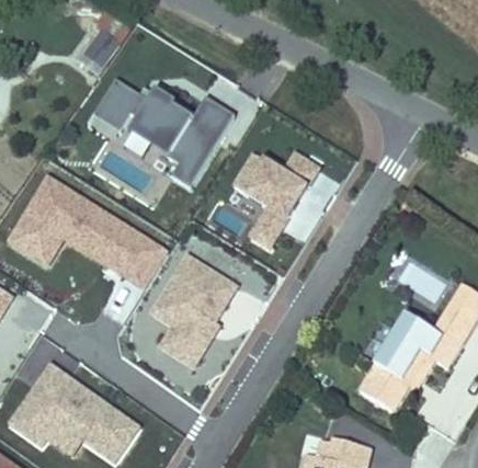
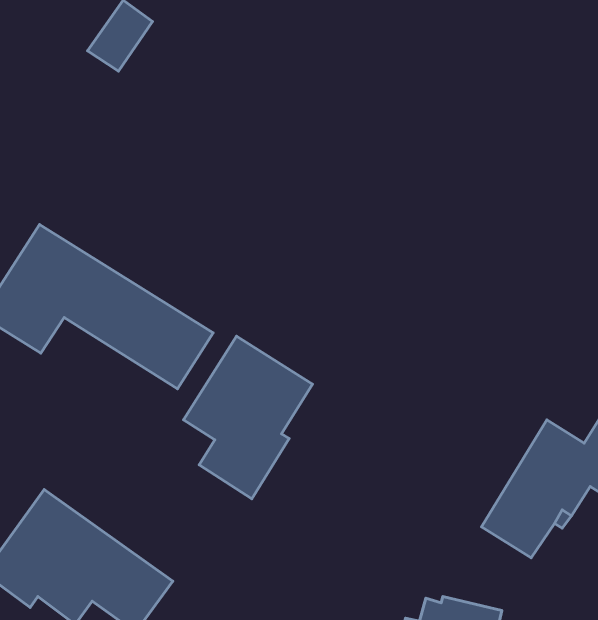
building: [93,79,235,185] -> none
building: [231,150,322,248] -> none

